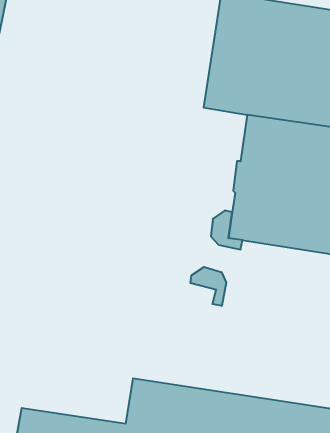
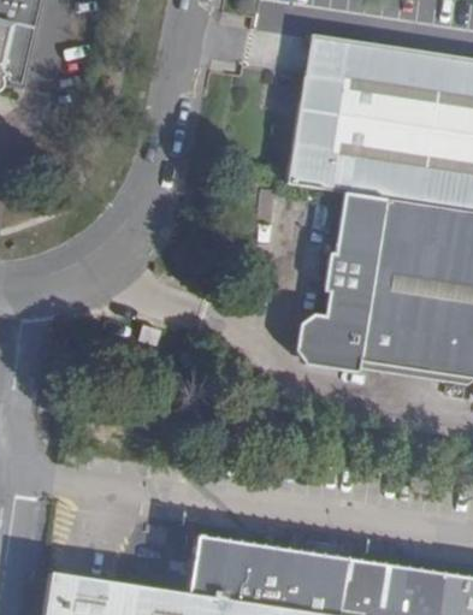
building: [190,267,226,306] -> none

